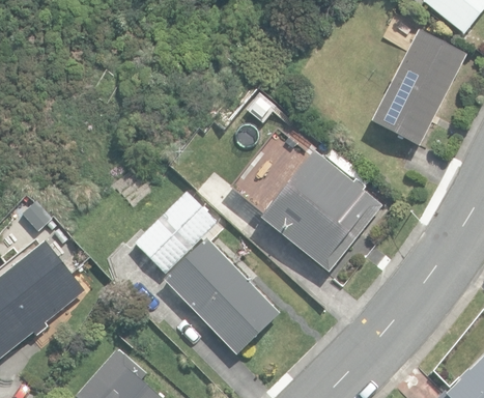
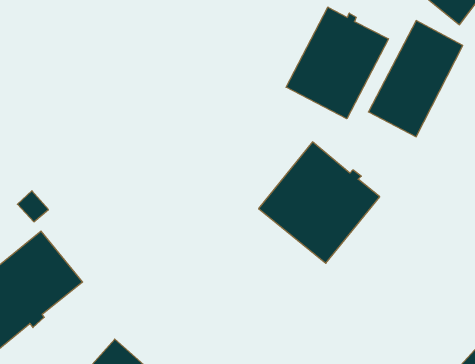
building: none -> [286,7,388,119]
building: [134,191,279,354] -> none

